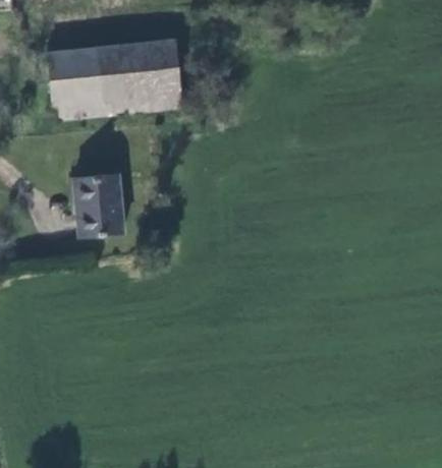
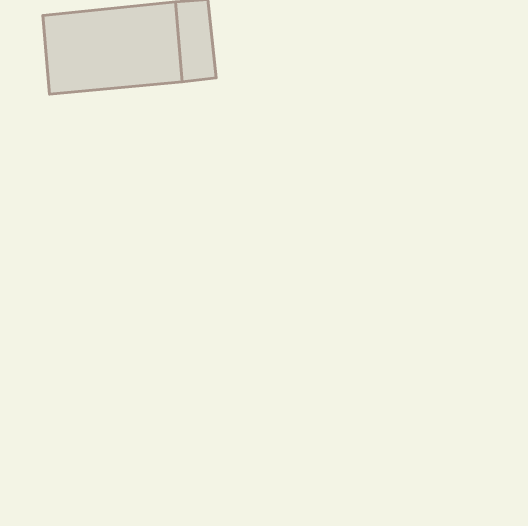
building: [72,177,123,238] -> none

